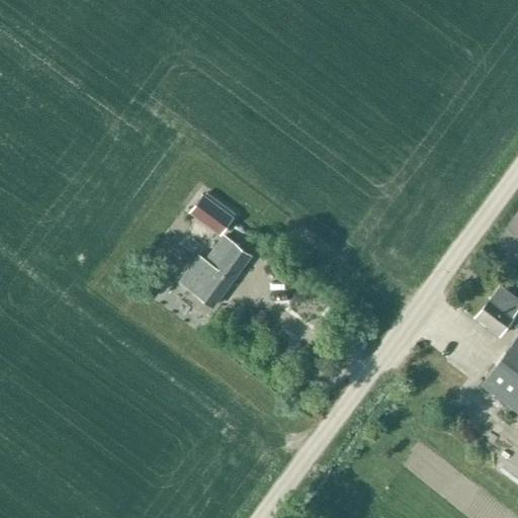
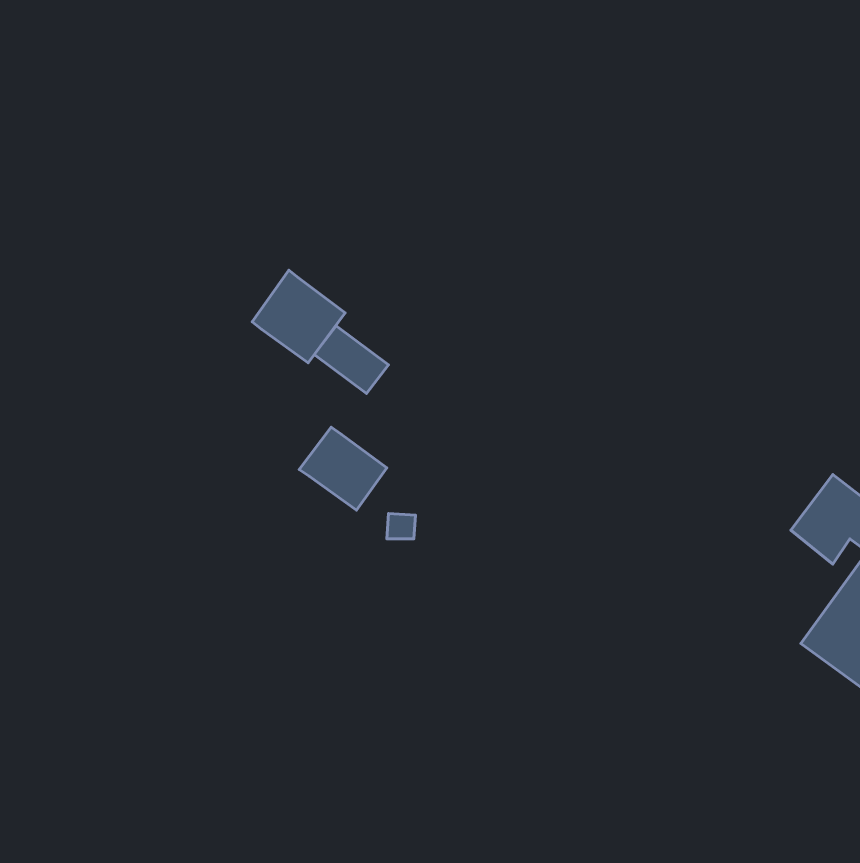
building: none -> [252,270,345,363]
building: [206,236,252,280] -> none

